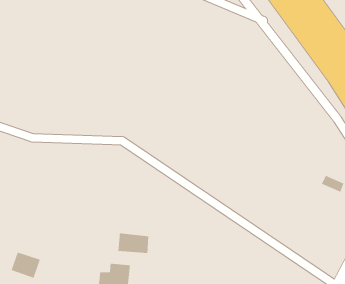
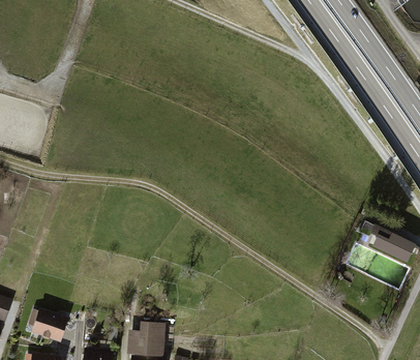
building: [117,233,149,254] -> none

